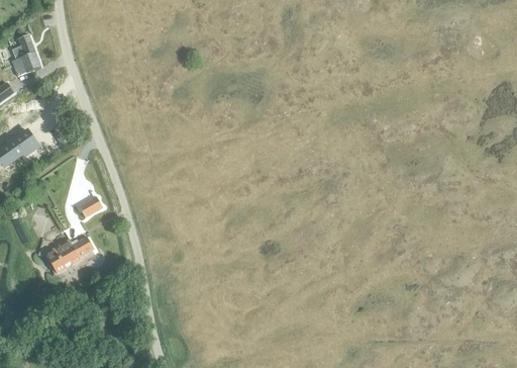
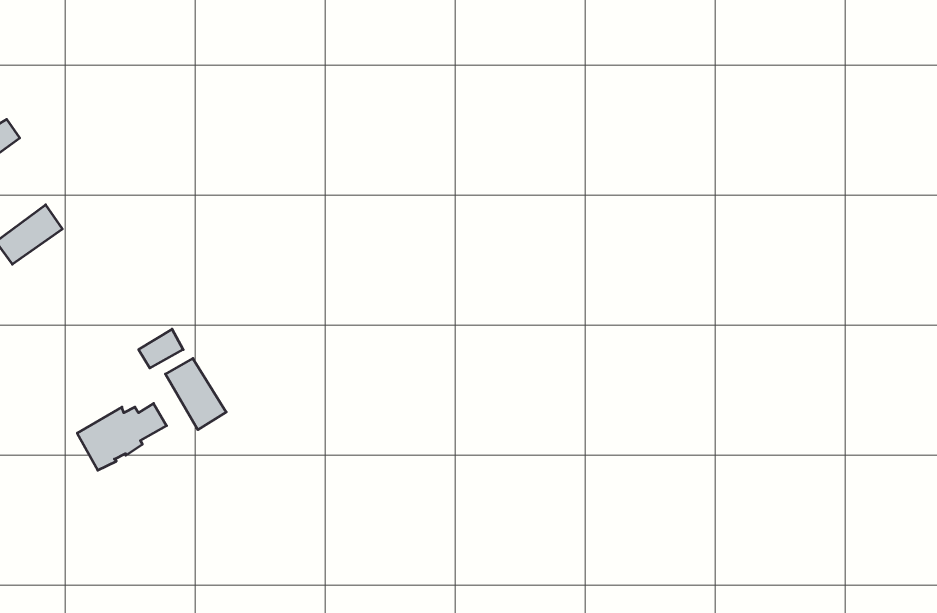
building: [12,35,41,77] -> none
building: none -> [165,358,226,430]

